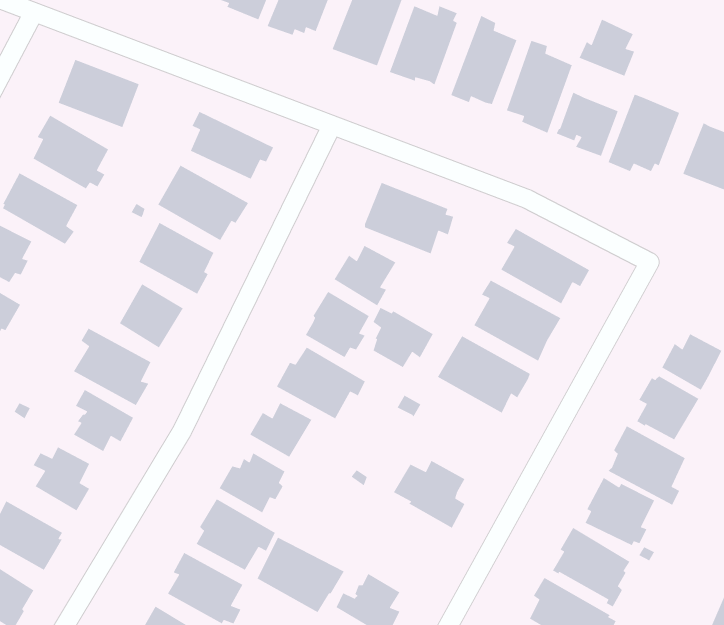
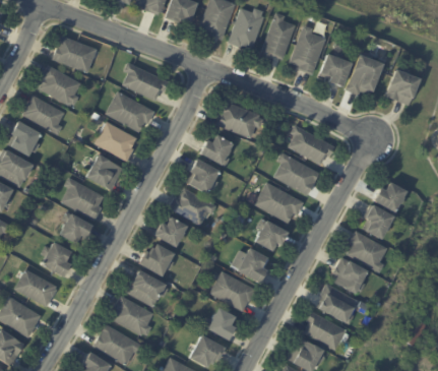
building: [579,18,635,77] -> none
building: [372,307,434,368] -> [256,219,289,251]
building: [257,537,345,613] -> [211,271,258,312]

